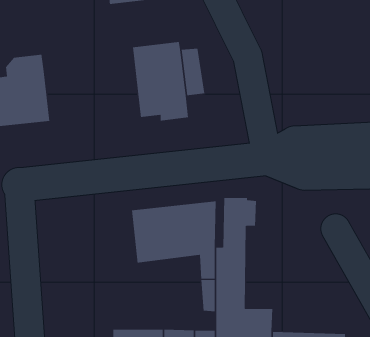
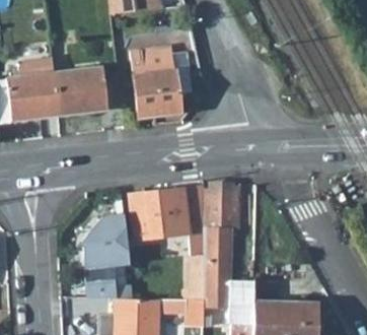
building: none -> [54,67,107,116]
building: none -> [85,214,133,298]

